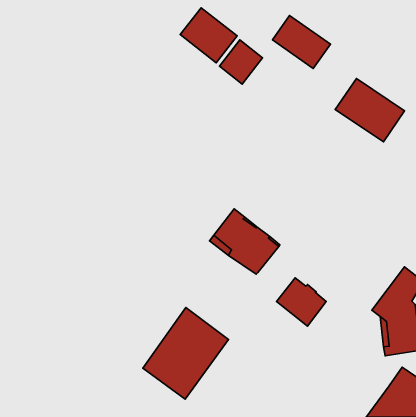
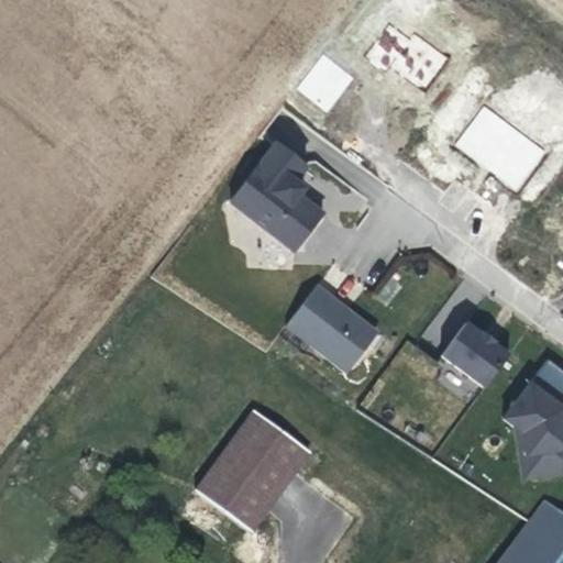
building: [180,8,237,63] -> none
building: none -> [234,140,327,247]
building: [276,278,326,326] -> [442,322,509,387]

